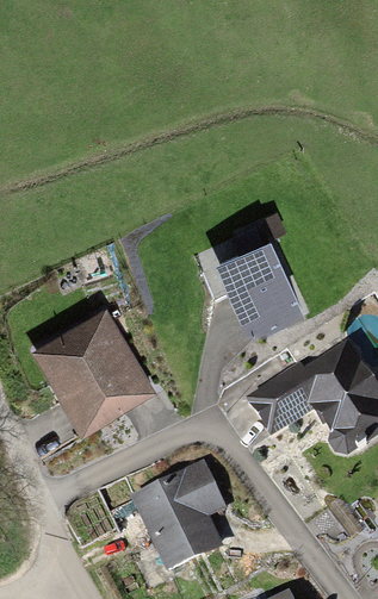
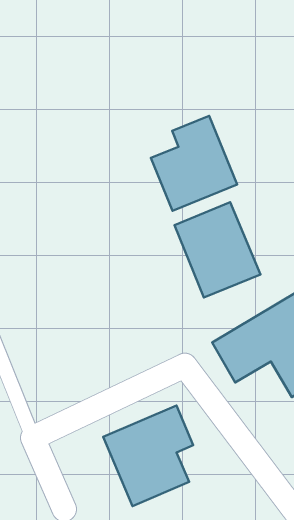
building: none -> [151,116,237,211]
building: [31,305,155,431] -> none

